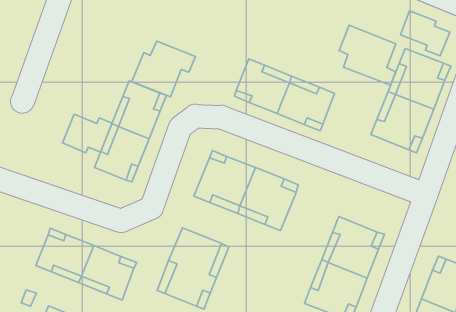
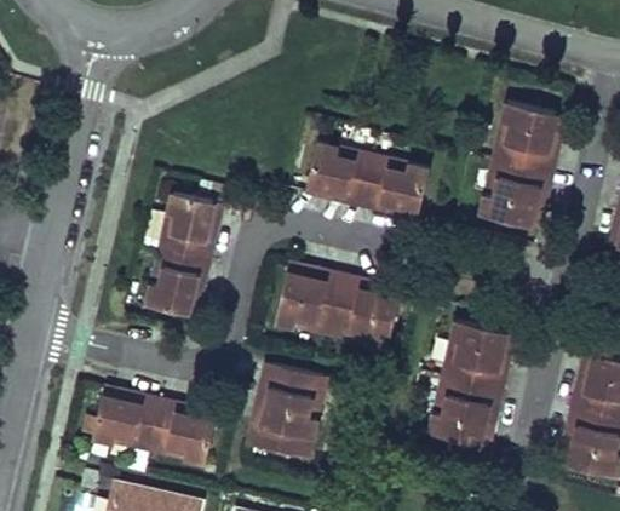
building: [400,11,450,56] -> none
building: [339,25,396,85] -> none
building: [132,41,195,97] -> none
building: [62,114,112,153] -> none

